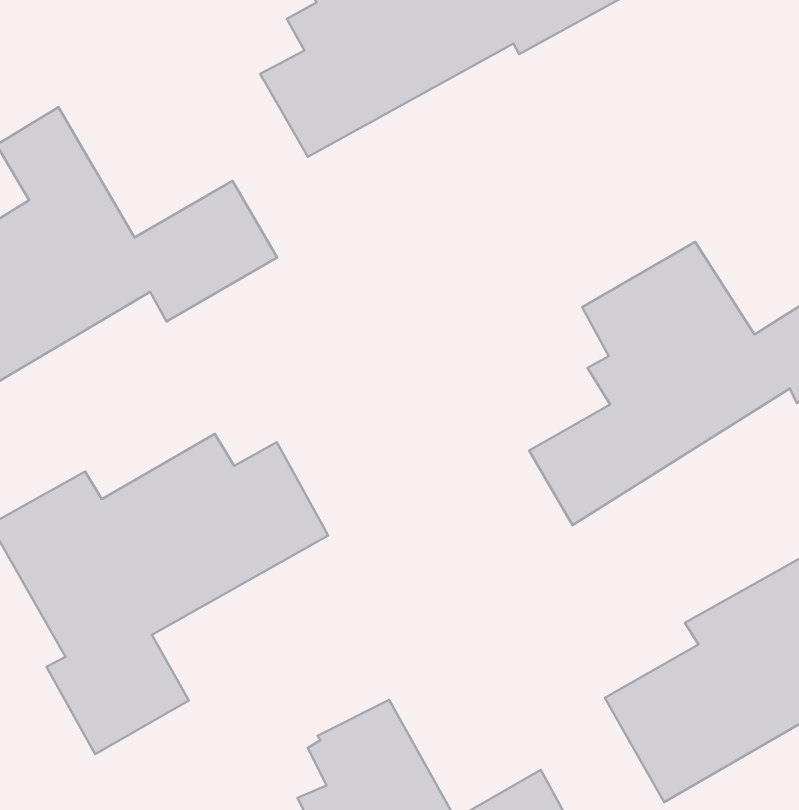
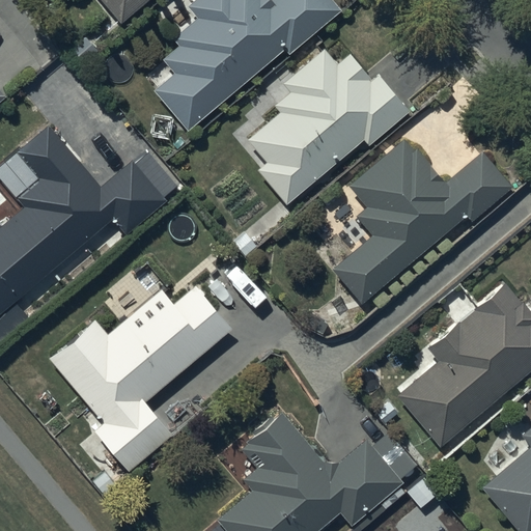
building: none -> [249,46,411,203]

